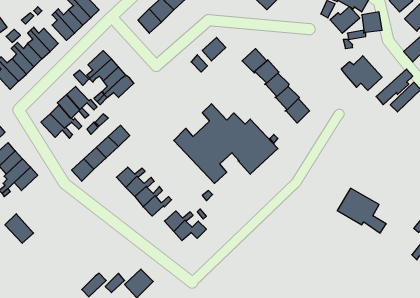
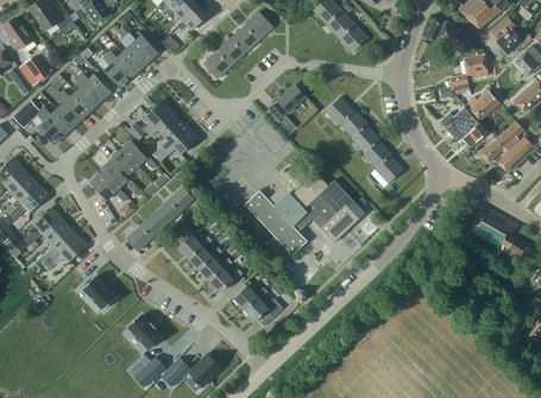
building: [330,7,360,33] -> [465,90,499,121]
building: [337,188,386,233] -> [470,204,527,257]
building: [5,214,34,243] -> [82,276,115,310]
building: none -> [128,315,162,349]

